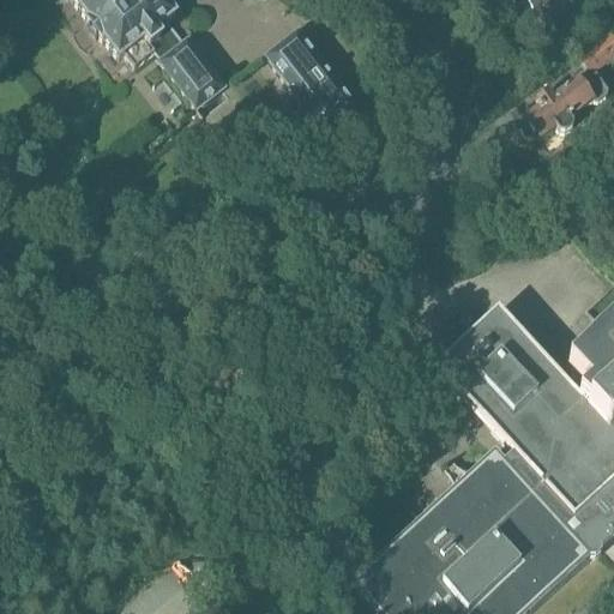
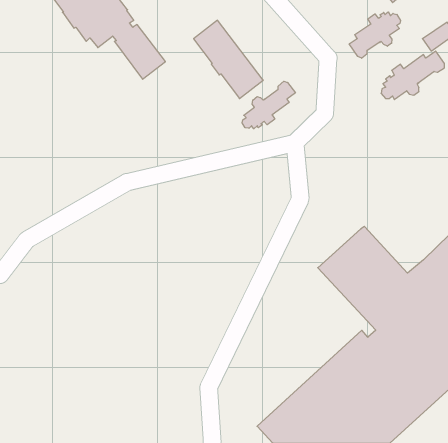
building: none -> [349,12,400,58]
building: none -> [242,81,295,129]

